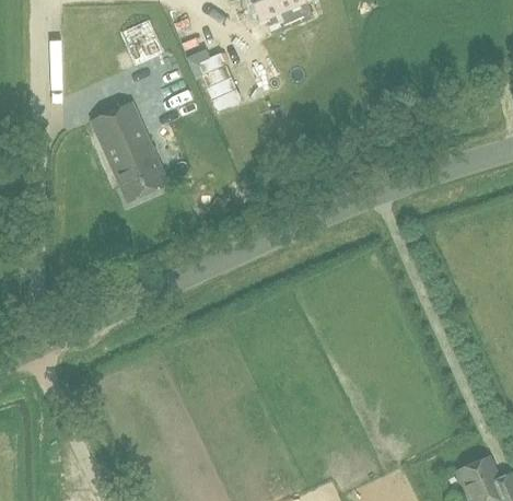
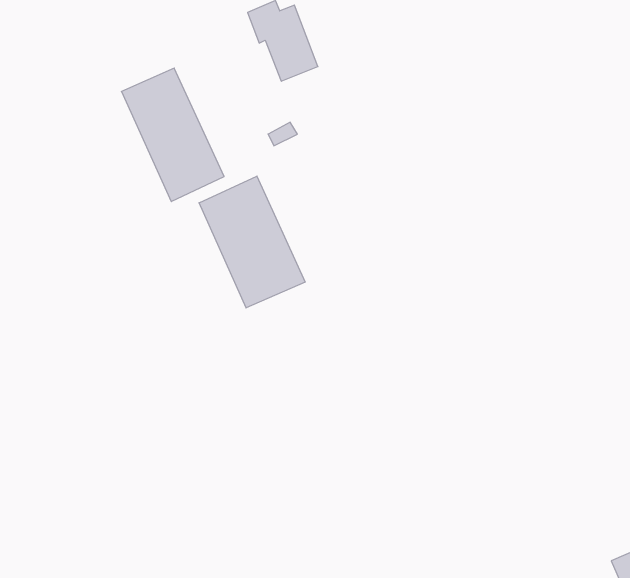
building: none -> [199,176,305,308]

